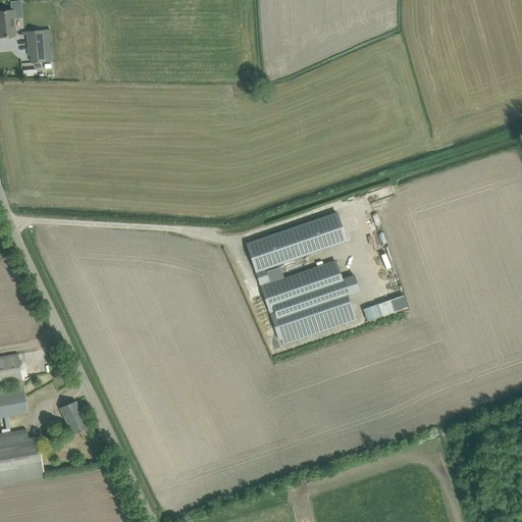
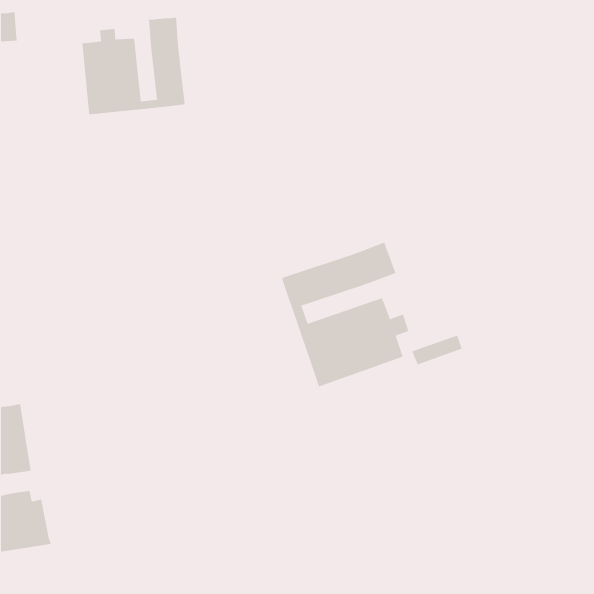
building: none -> [82,17,185,115]
building: [28,31,45,62] -> none
building: [60,401,89,435] -> none

